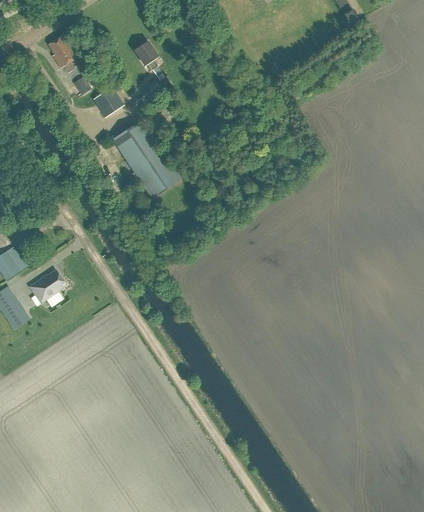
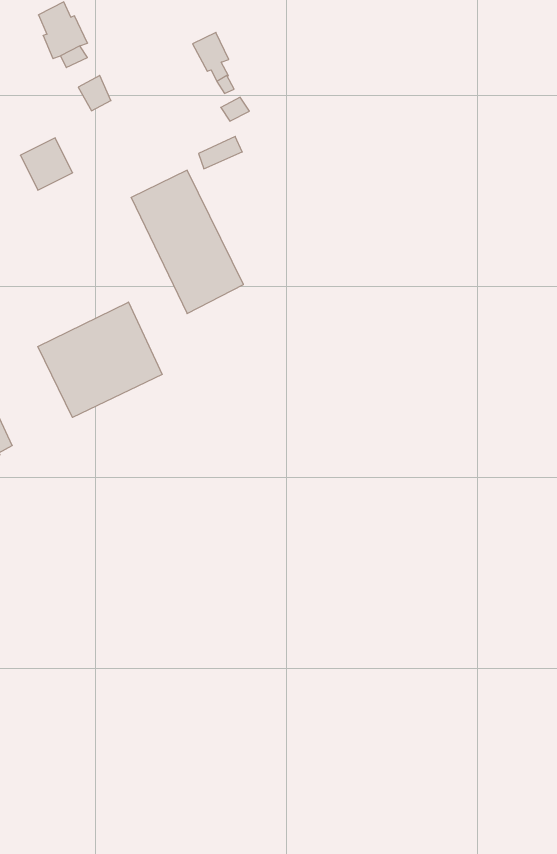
building: [93,87,123,117] -> [20,138,73,190]
building: none -> [38,302,162,417]

